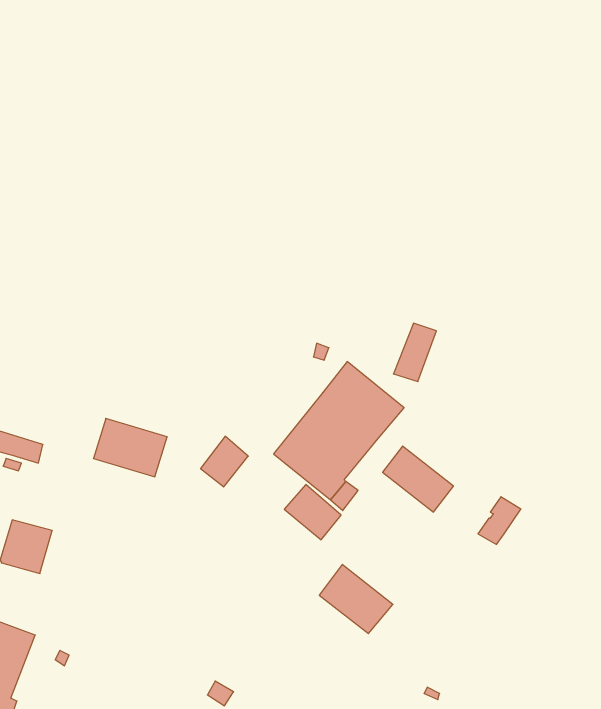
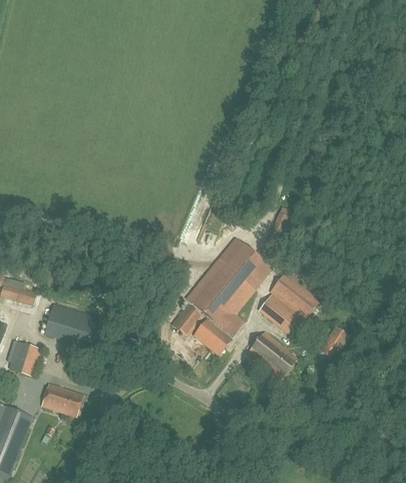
building: none -> [269,269,321,319]
building: [93,418,167,477] -> [44,307,92,345]
building: [201,436,248,487] -> [171,303,202,336]
building: [319,564,393,634] -> [249,332,297,377]
building: none -> [40,383,83,416]

